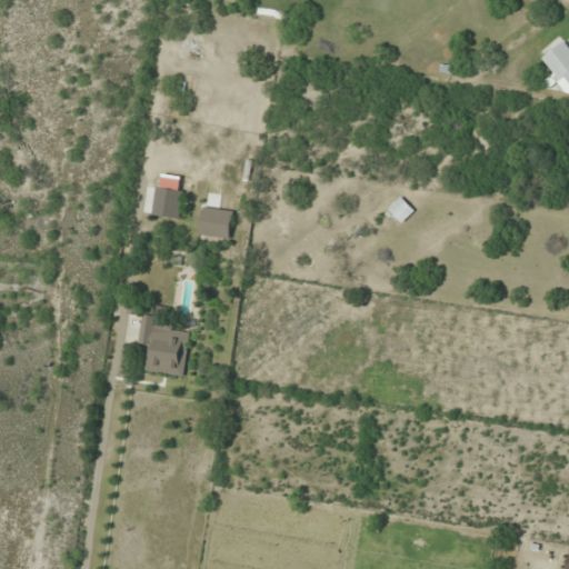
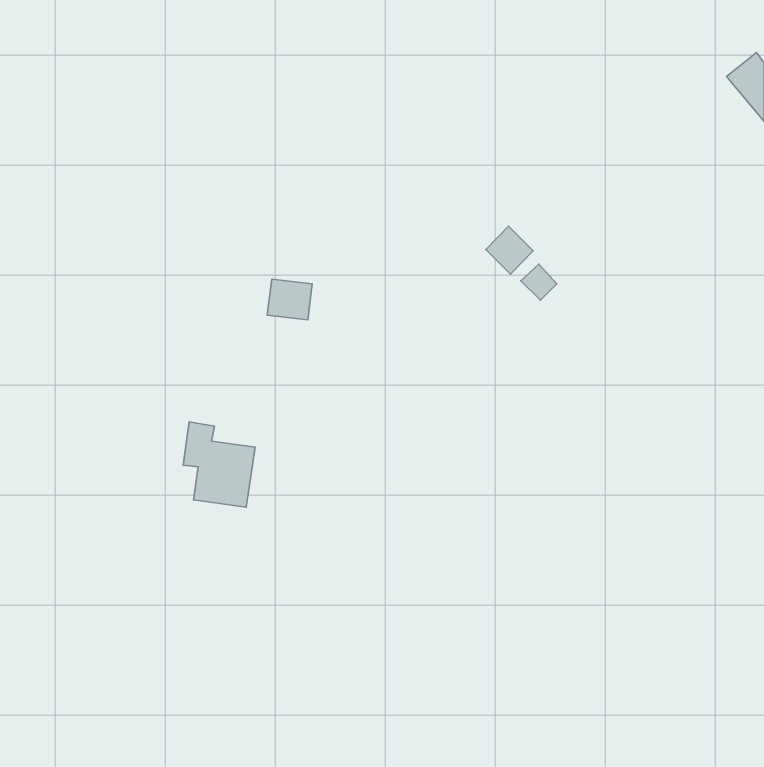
building: none -> [486,226,533,274]
building: [151,174,182,218] -> none

